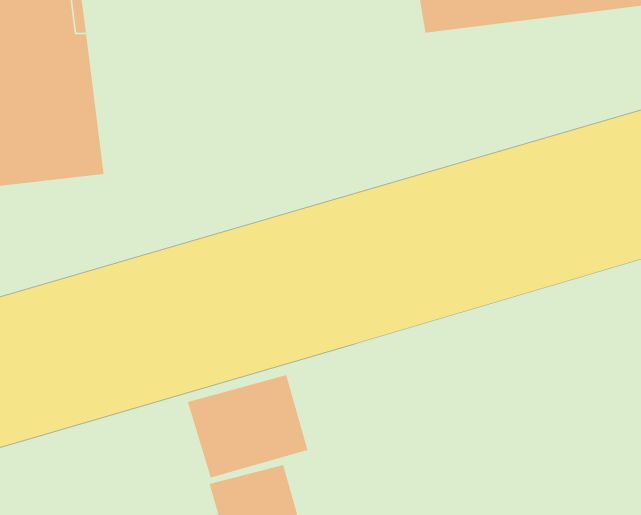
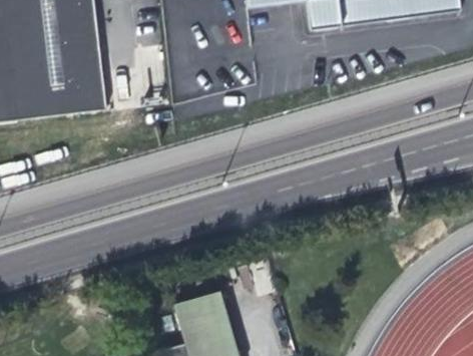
building: [187,374,308,478] -> none

